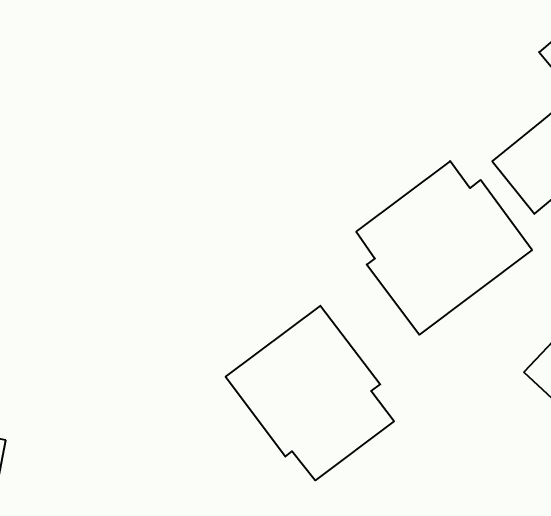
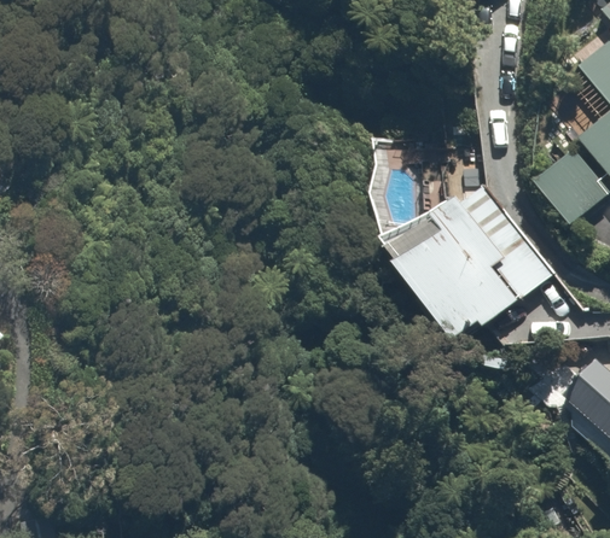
building: [226,306,394,480] -> none

